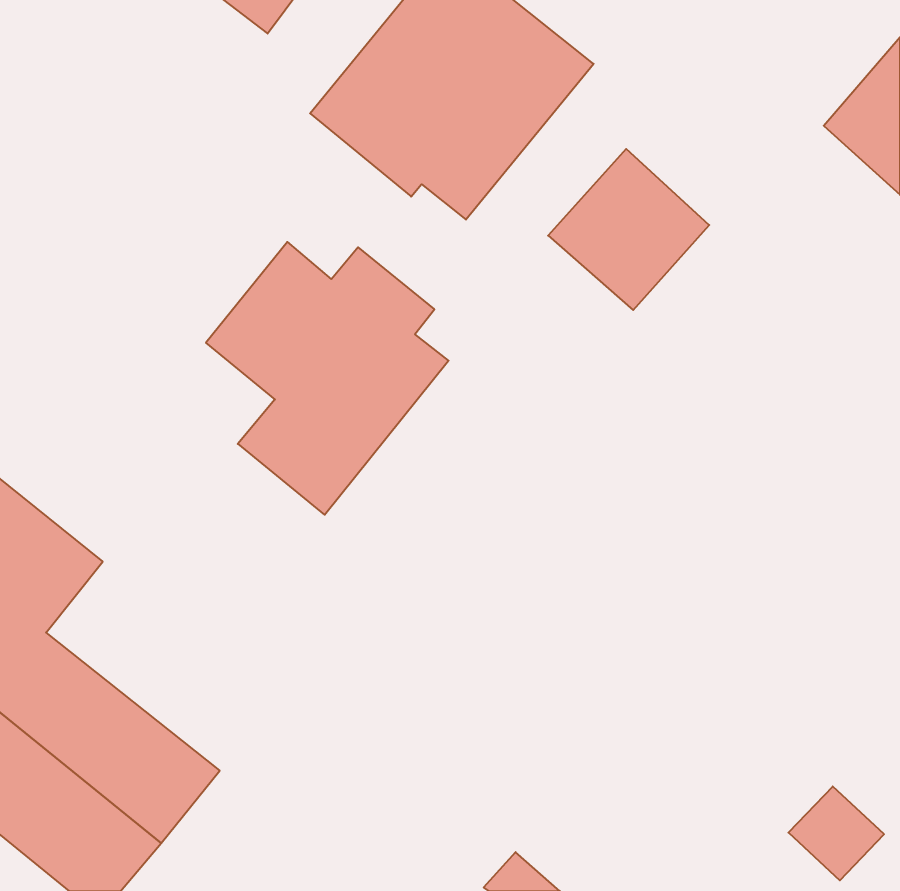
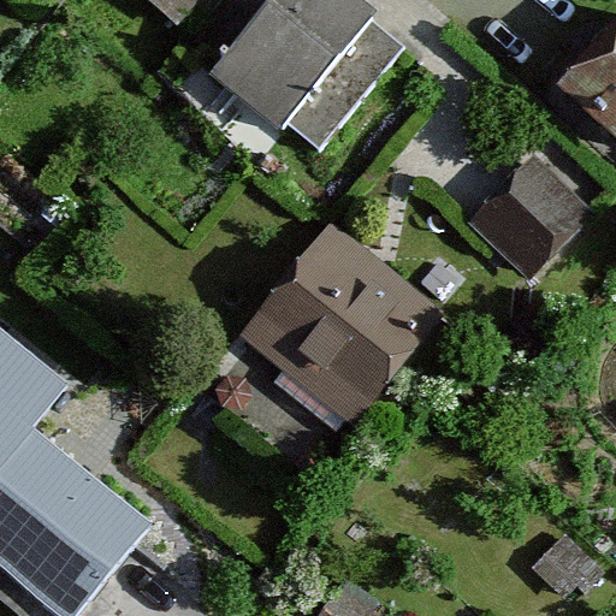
building: [548,149,709,310] -> [478,160,587,270]
building: [206,242,449,515] -> [259,245,424,431]

